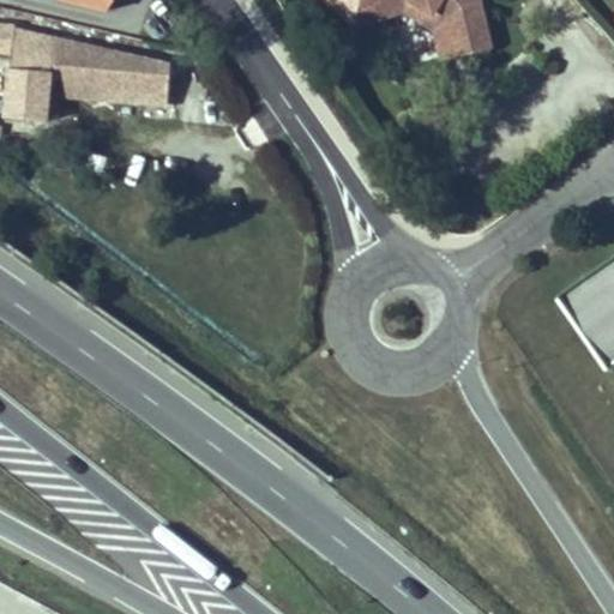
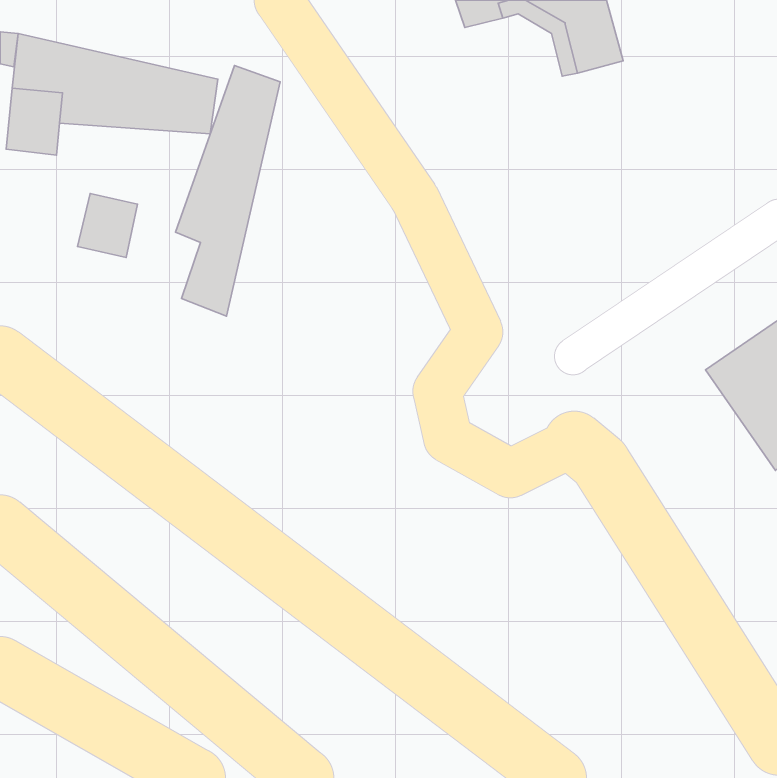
building: none -> [175,66,280,316]
building: none -> [78,193,137,258]

